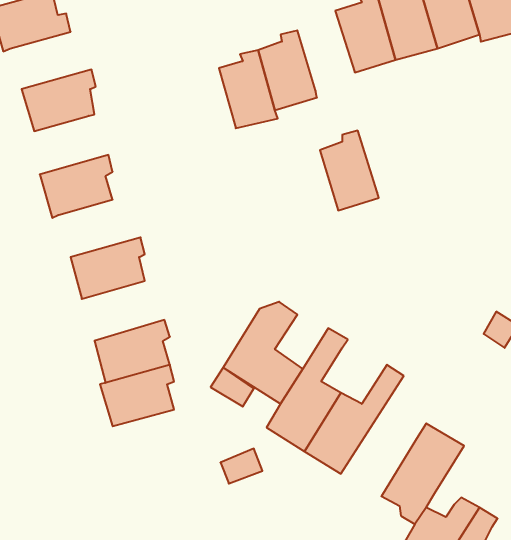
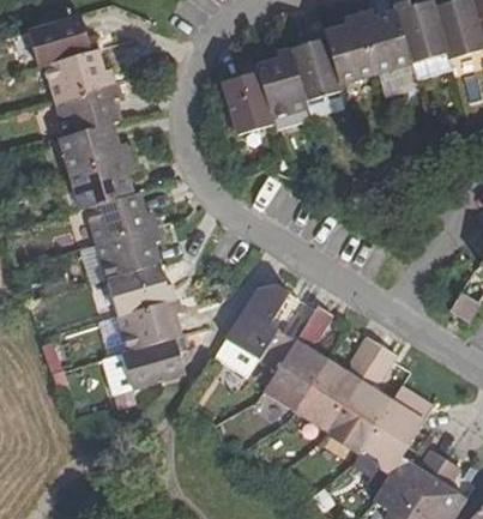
building: none -> [44,50,114,99]
building: none -> [59,122,128,173]
building: [320,131,379,210] -> [290,32,340,101]
building: none -> [85,193,156,243]
building: none -> [105,264,176,315]
building: none -> [325,345,397,453]

